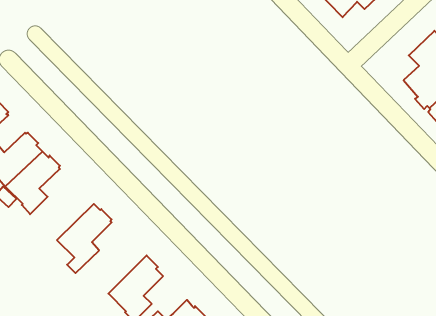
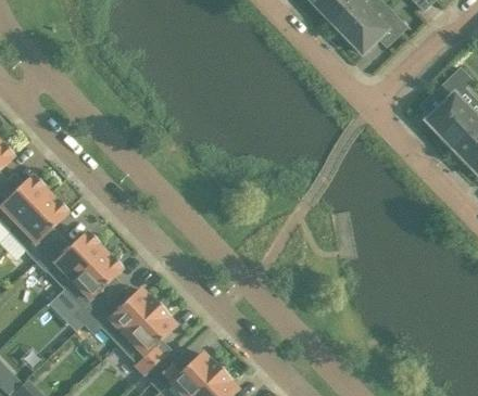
building: none -> [35,231,102,288]
building: none -> [83,288,158,344]

